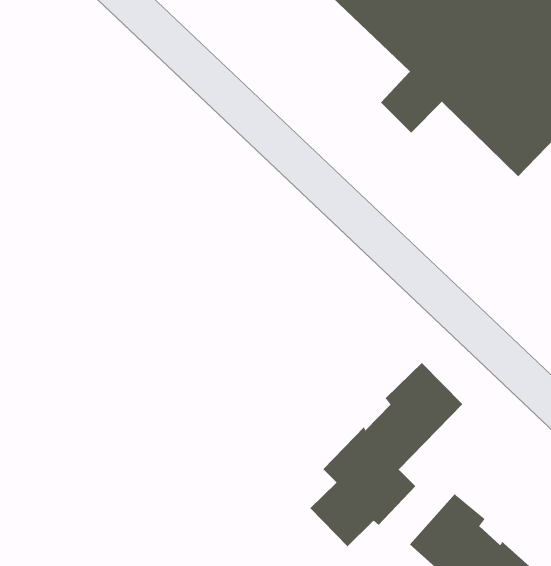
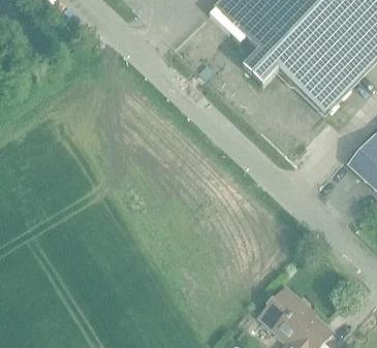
building: [310,362,463,547] -> none

